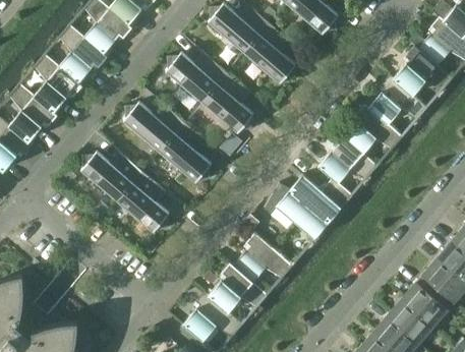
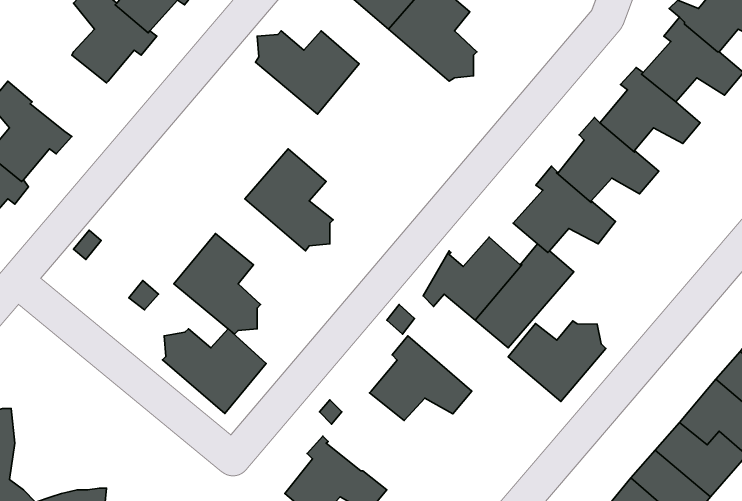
building: [33,53,81,112] -> none
building: [201,72,252,132] -> none
building: [122,102,184,152] -> none
building: [80,152,141,201] -> [162,329,266,414]
building: none -> [508,321,606,402]
building: [207,261,267,311] -> none

